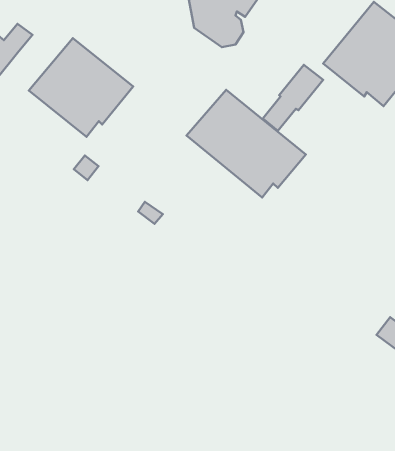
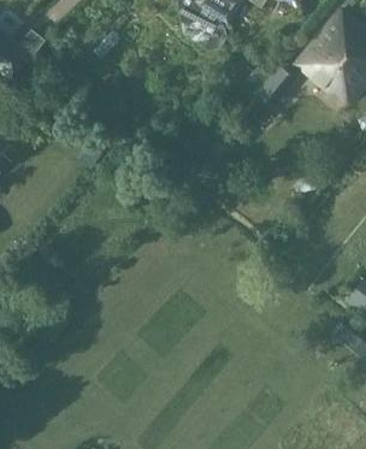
building: [29,38,133,137] -> none
building: [187,90,306,198] -> none

